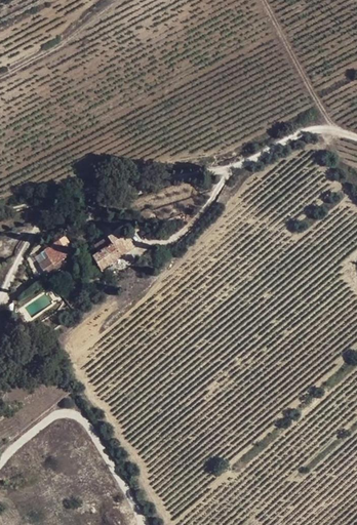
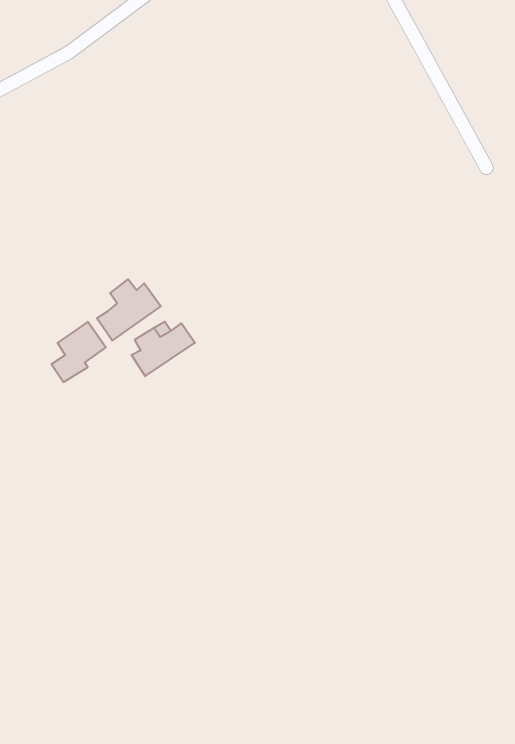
building: none -> [97,279,161,341]

